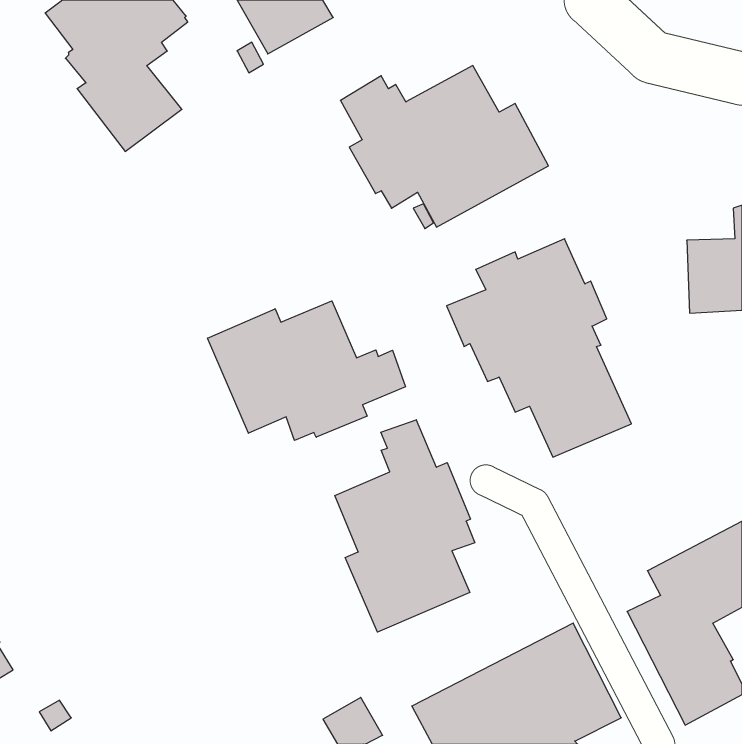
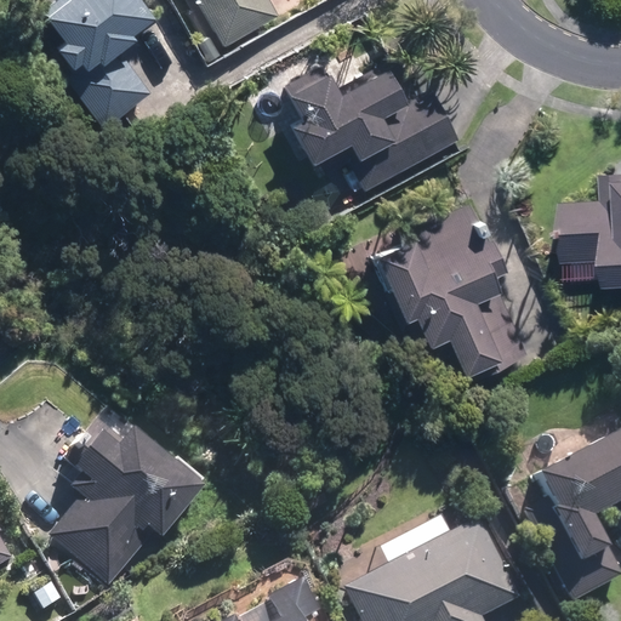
building: [208,301,406,440] -> none
building: [335,420,475,632] -> none
building: none -> [47,418,204,586]

